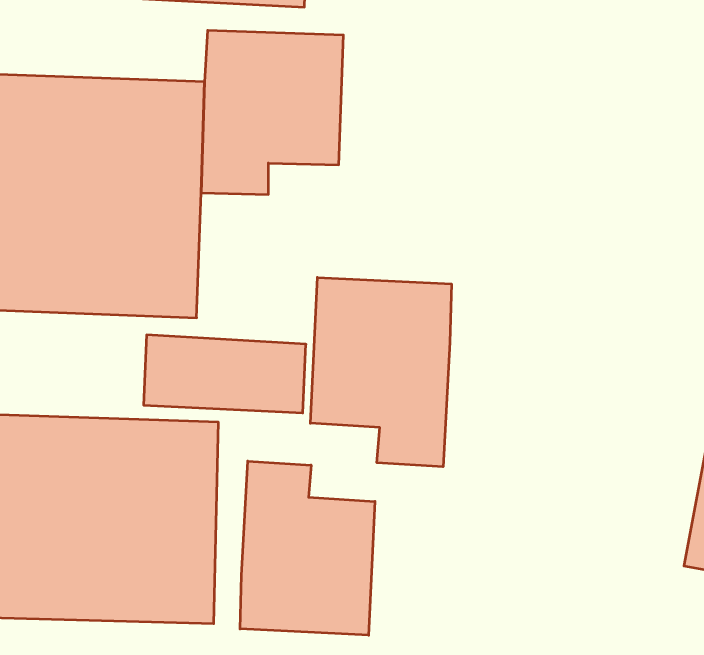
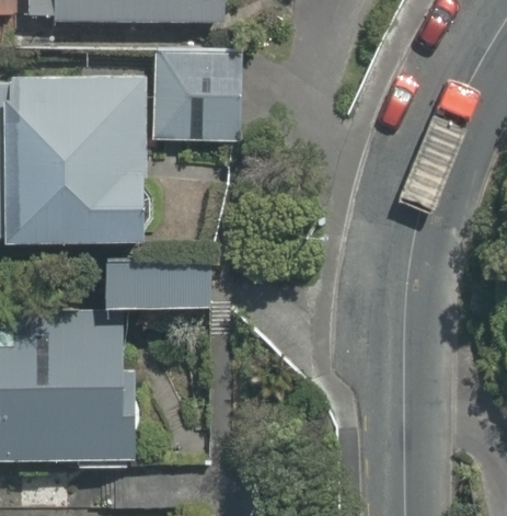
building: [310,277,451,467] -> none
building: [240,461,375,635] -> none

